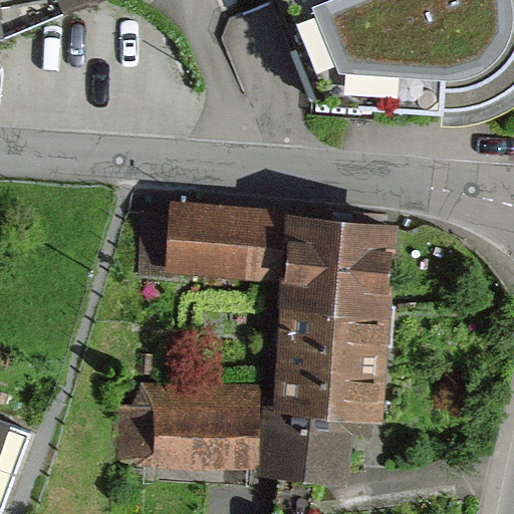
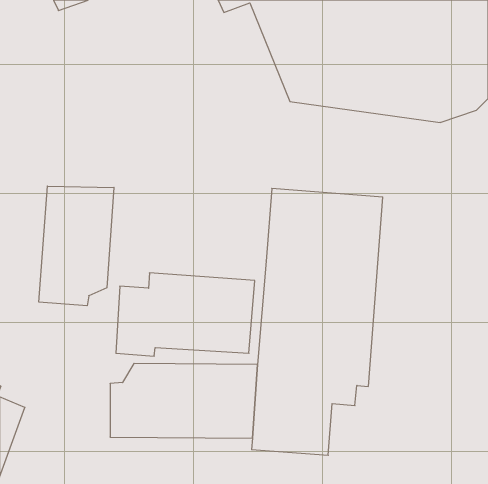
building: [140,195,285,282] -> [116,273,255,356]
building: none -> [39,186,114,306]

